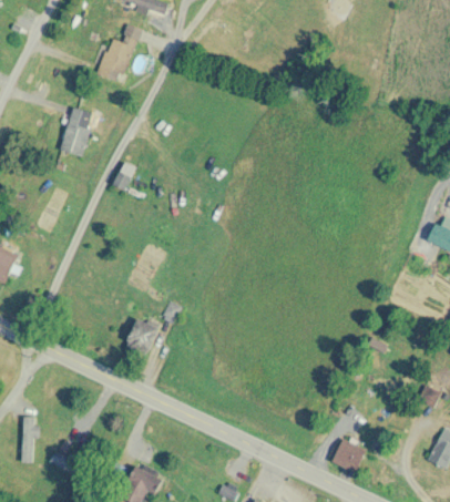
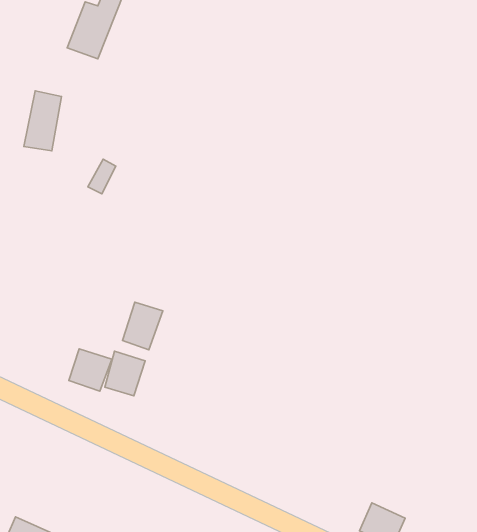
building: none -> [123,302,163,350]
building: none -> [69,349,112,391]

